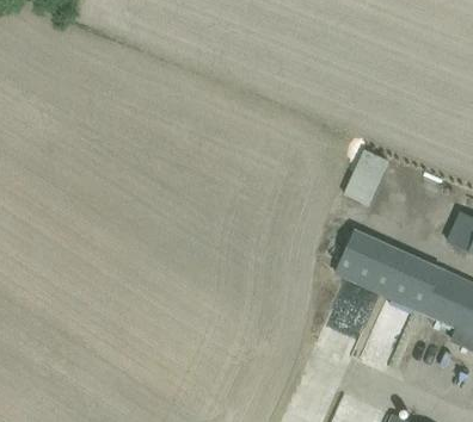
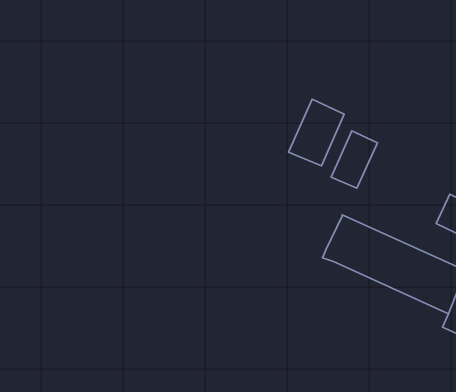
building: none -> [289,99,344,166]

